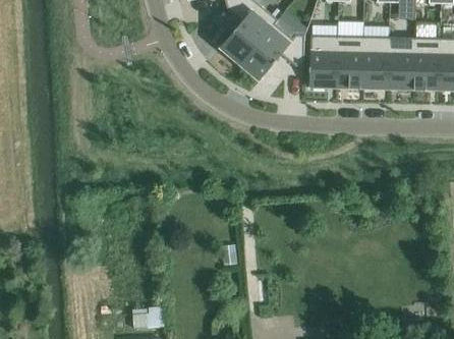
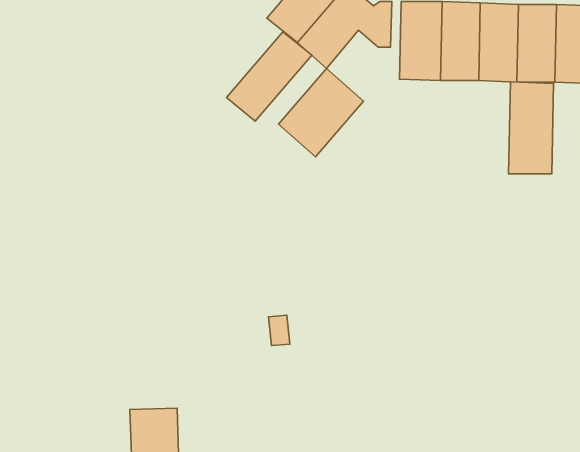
building: none -> [226,32,312,121]
building: none -> [279,68,363,157]
building: none -> [509,82,553,174]

